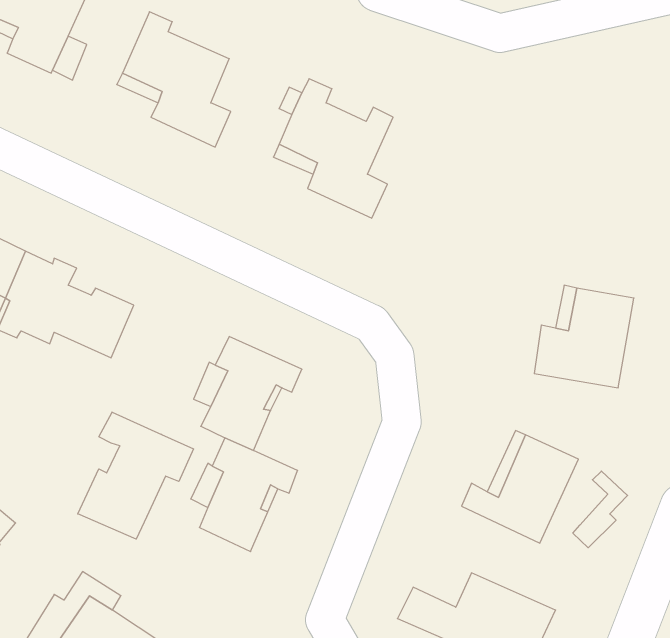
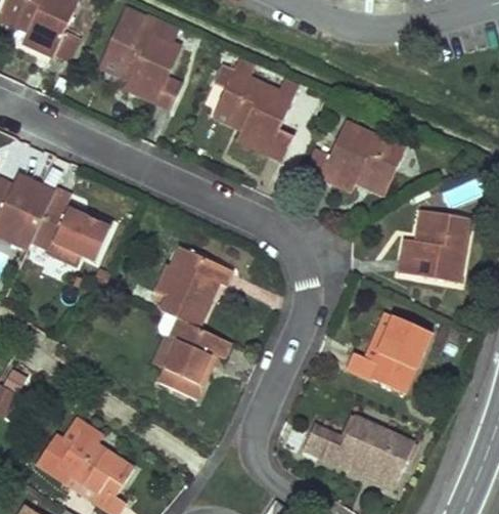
building: none -> [307,122,406,195]
building: [78,412,194,539] -> none
building: [573,471,628,548] -> none

